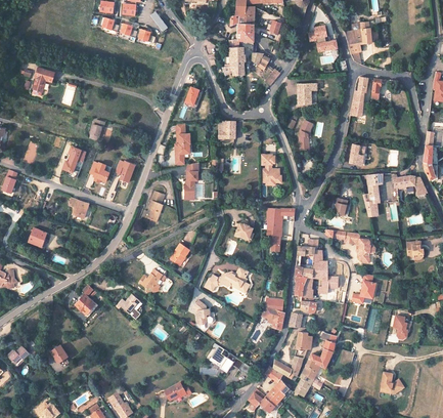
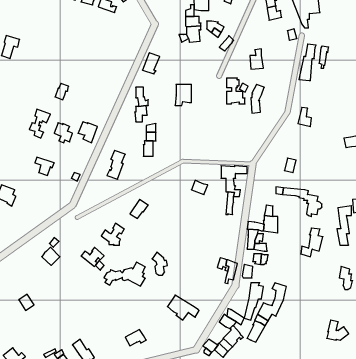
building: [261,154,280,181] -> [227,78,245,104]
building: [366,173,382,215] -> [337,206,351,245]
building: [206,266,250,292] -> [104,262,145,286]

